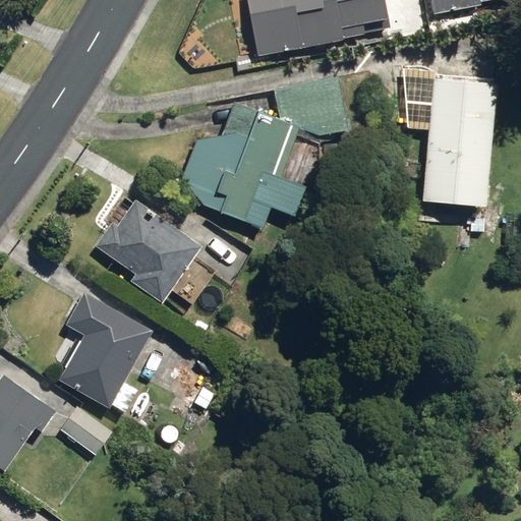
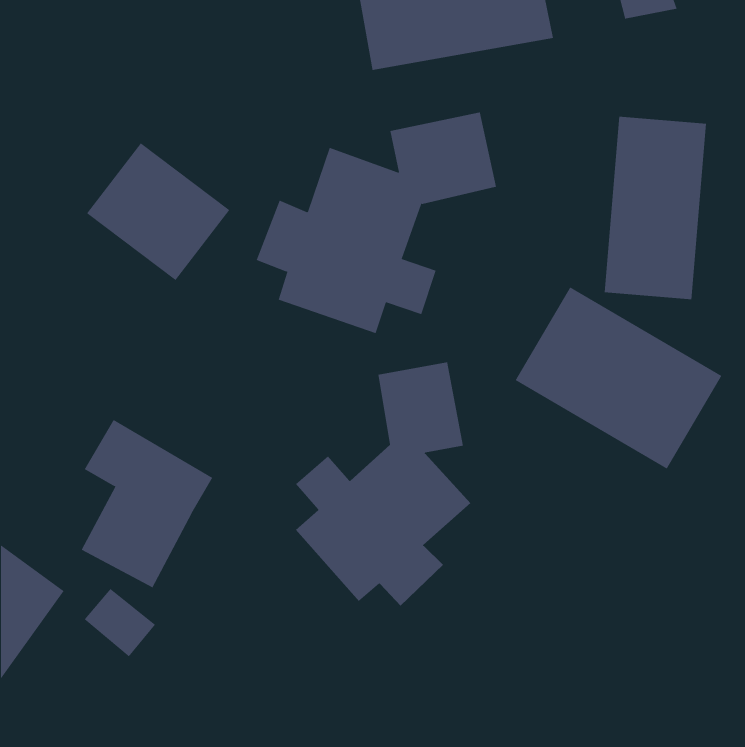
building: none -> [515,286,722,470]
building: [98,200,197,296] -> [86,143,230,281]
building: none -> [295,361,471,606]

